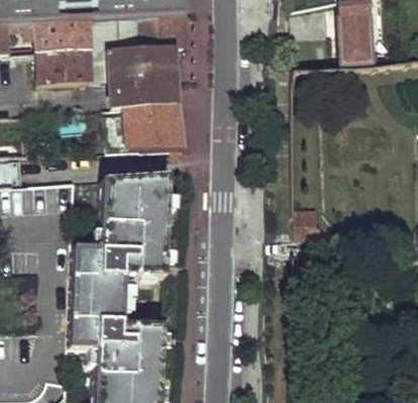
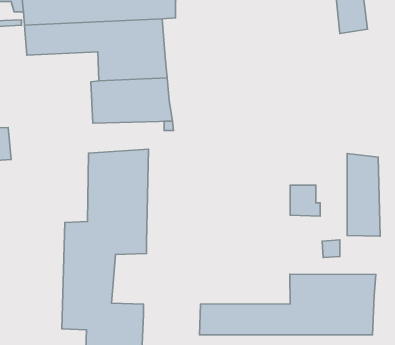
building: none -> [347,154,380,236]
building: none -> [200,274,376,335]

